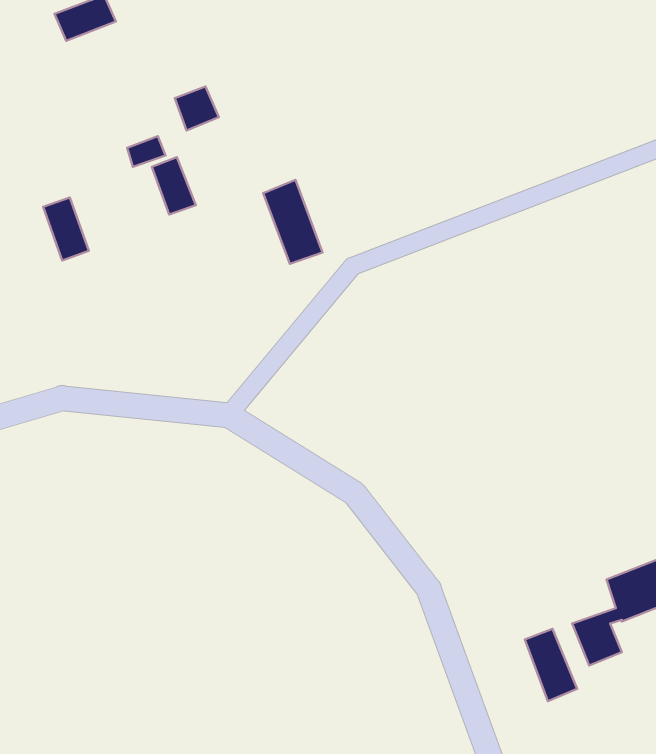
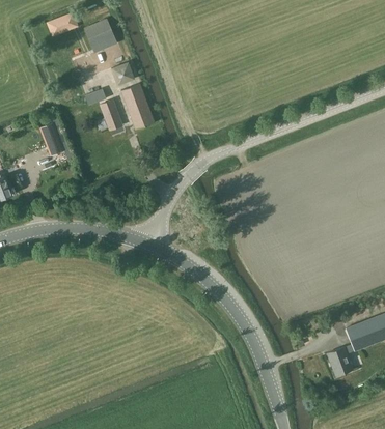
building: none -> [84,19,117,53]
building: [263,180,322,264] -> [121,83,154,128]
building: [525,629,577,701] -> none

